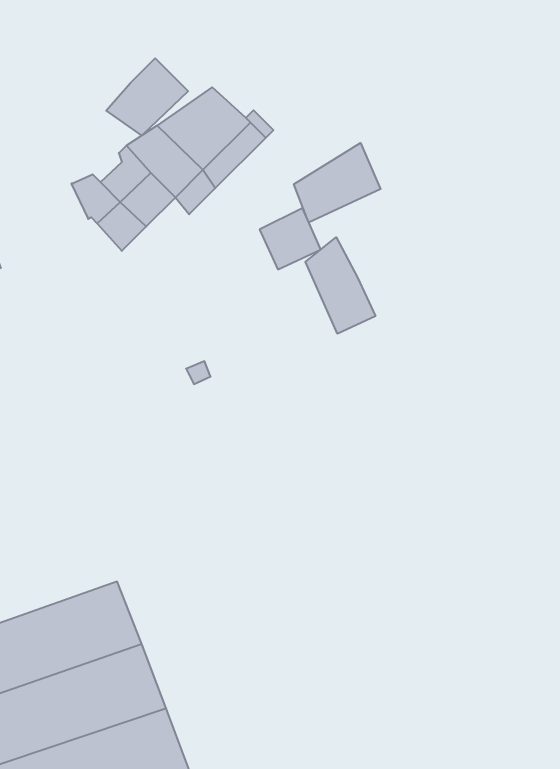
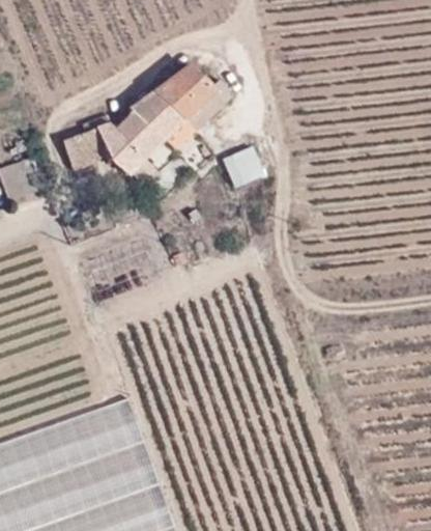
building: [106,58,188,135] -> none
building: [294,143,381,222] -> none
building: none -> [61,130,106,169]
building: [305,237,375,334] -> none

